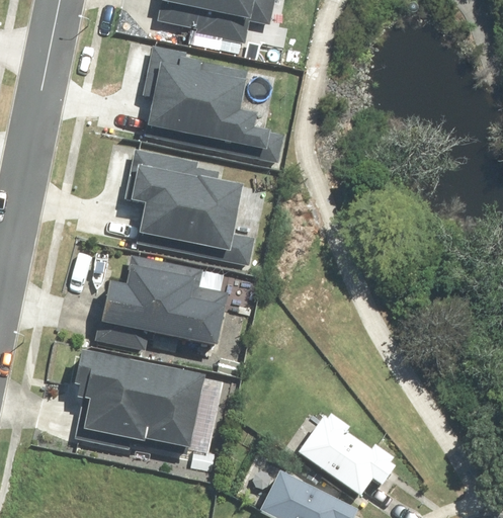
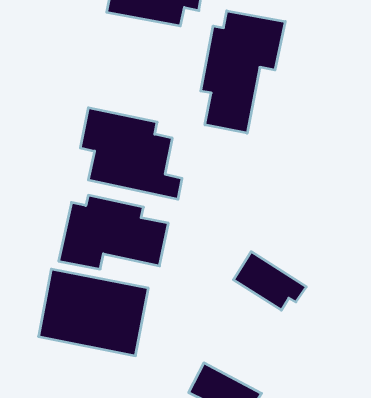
building: none -> [201,11,285,133]
building: [145,45,280,156] -> none
building: [299,417,391,491] -> [233,252,306,310]

